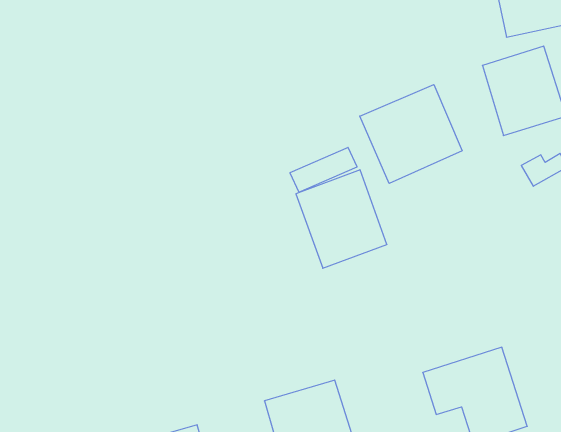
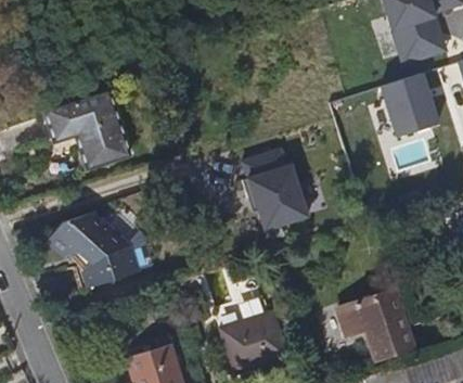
building: none -> [46,88,131,167]
building: [360,85,462,183] -> none
building: none -> [48,212,140,286]

